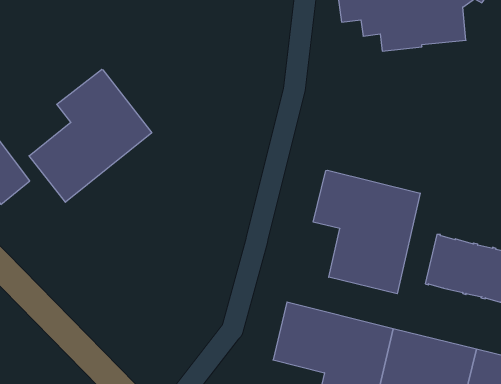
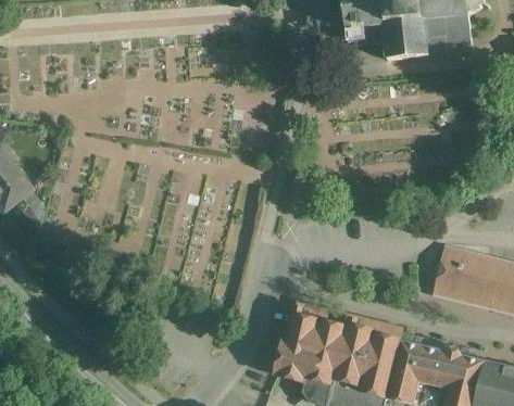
building: [29,69,152,202] -> none
building: [313,170,420,294] -> none

